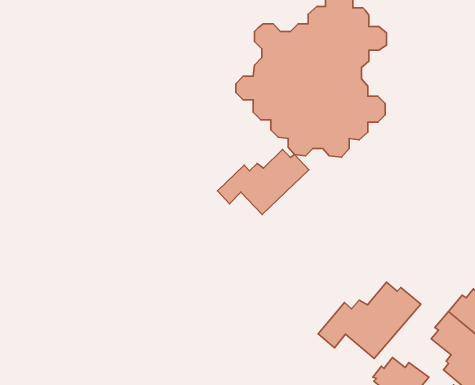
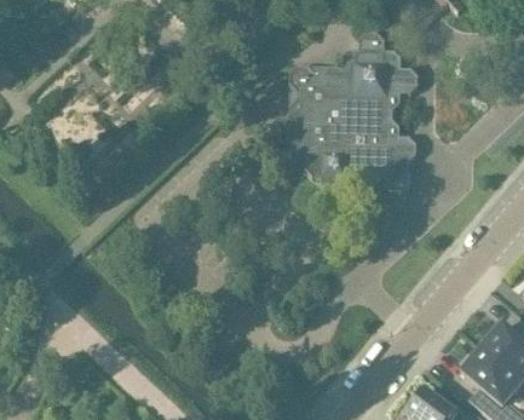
building: [218,149,309,214] -> none
building: [318,282,421,358] -> none

